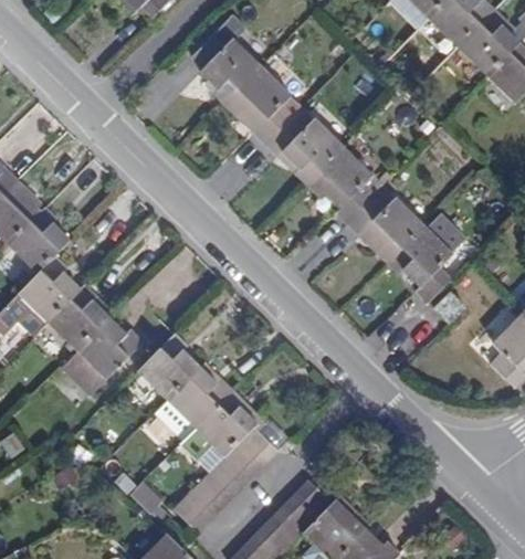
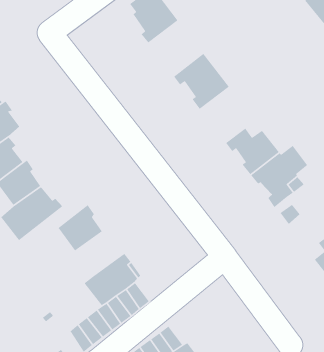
building: [225,68,302,145] -> none
building: [307,148,372,224] -> none
building: [166,367,233,429] -> none

